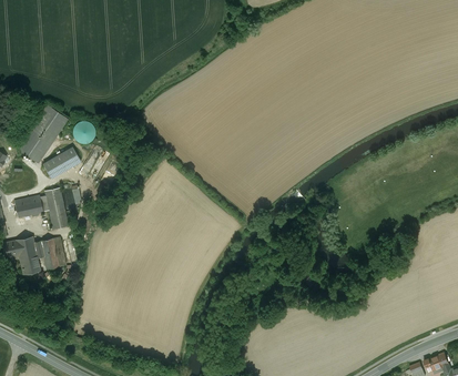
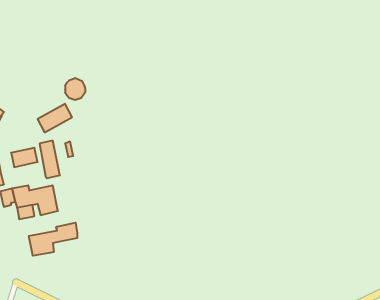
building: [18,105,68,163] -> none
building: none -> [29,223,77,256]

